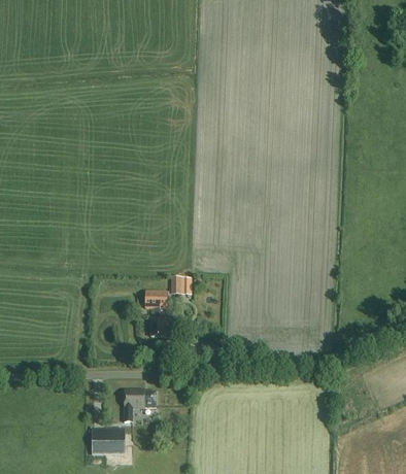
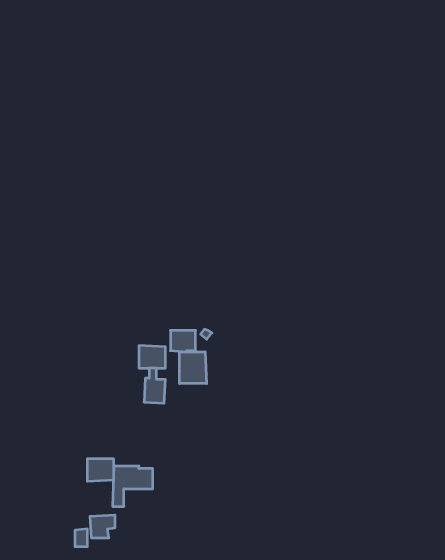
building: none -> [180,352,207,384]
building: none -> [87,459,113,481]

